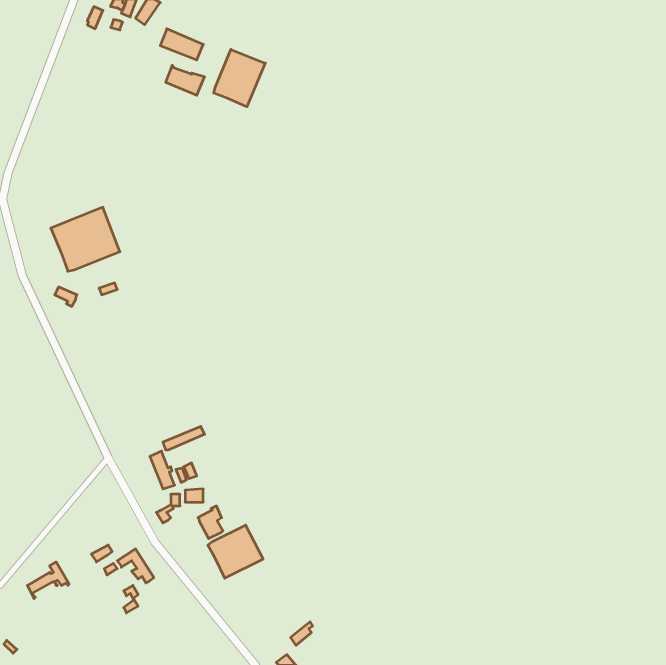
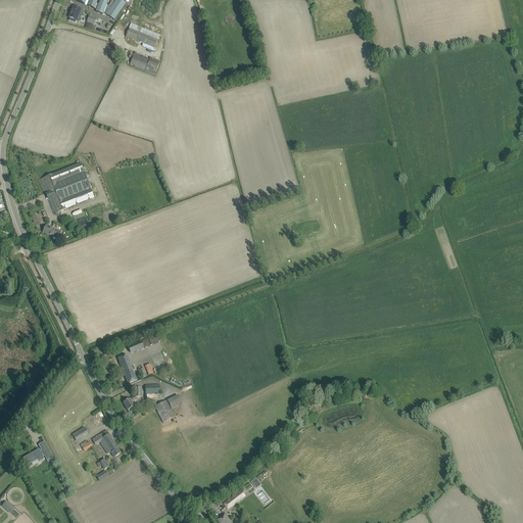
building: [214,49,265,107] -> none
building: [208,525,263,578] -> none

